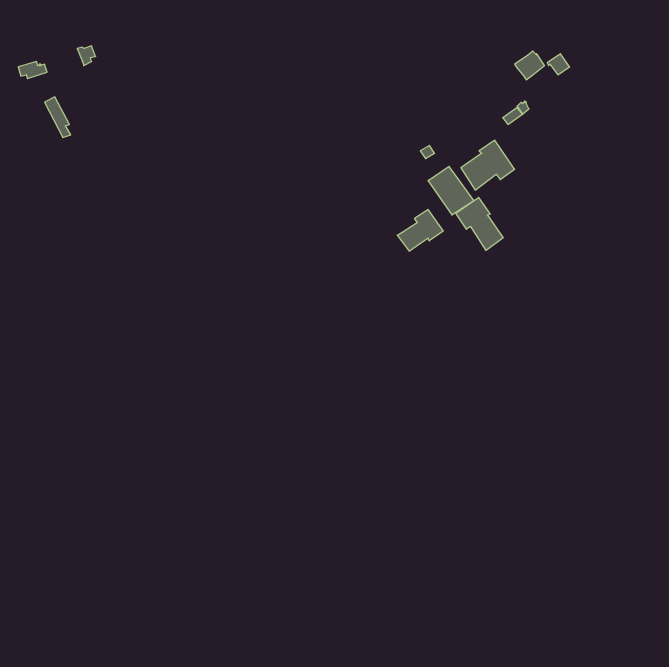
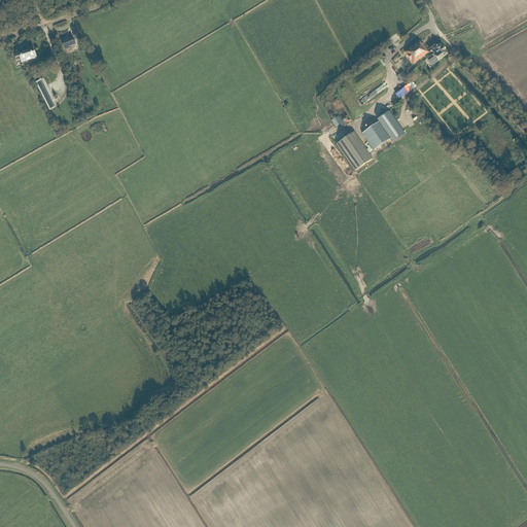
building: [456,197,503,250] -> none
building: [397,209,443,251] -> none

